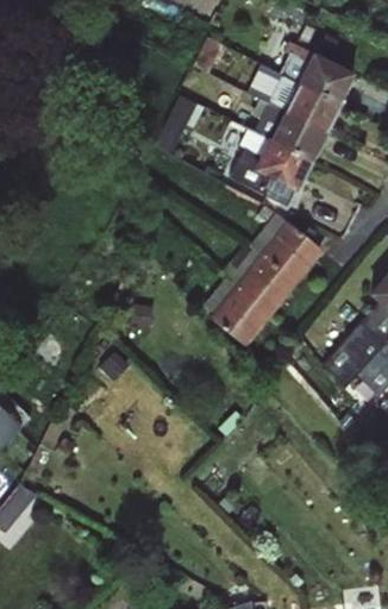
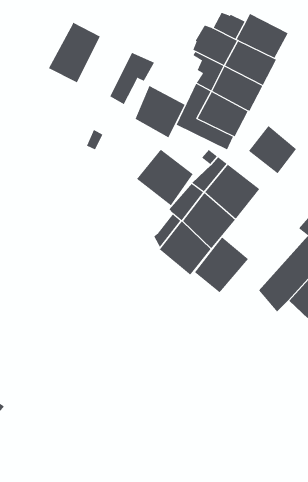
building: none -> [48,22,100,83]
building: none -> [135,85,185,138]
building: none -> [248,125,297,174]
building: none -> [136,149,194,206]
building: none -> [194,237,249,293]

